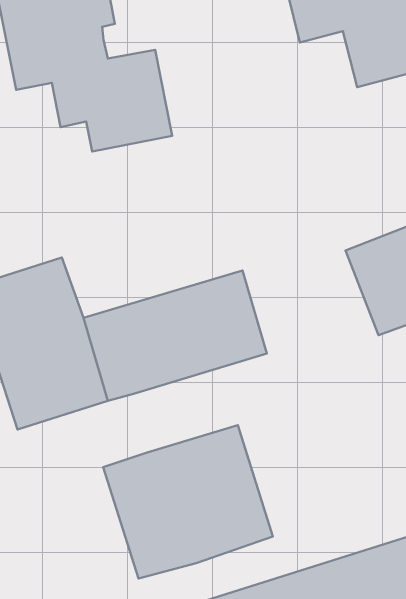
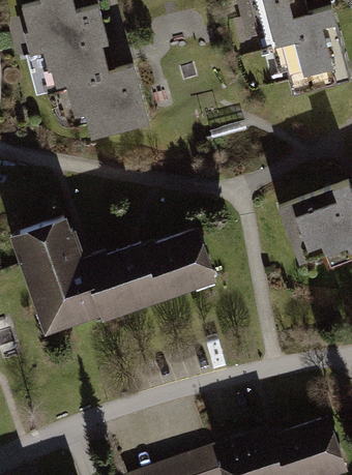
building: [103,425,273,579] -> none

